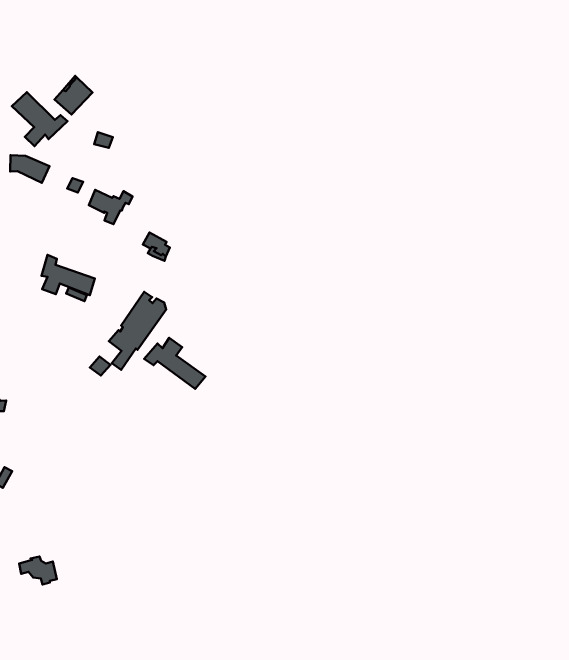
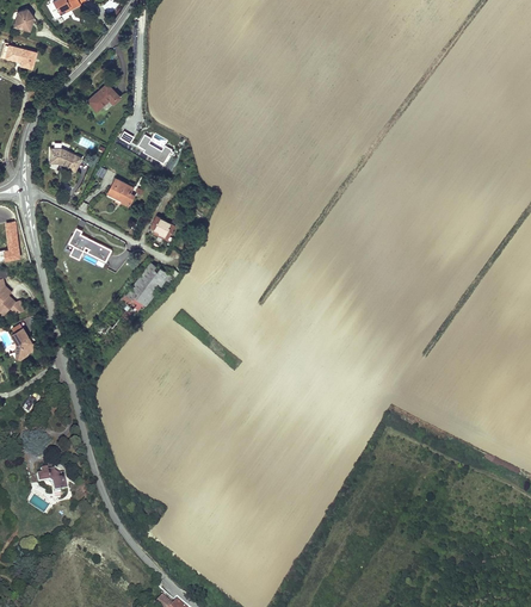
building: [12,92,68,146] -> none
building: none -> [135,134,171,163]
building: [144,338,206,389] -> none

